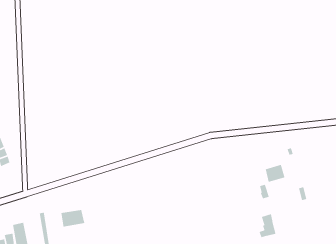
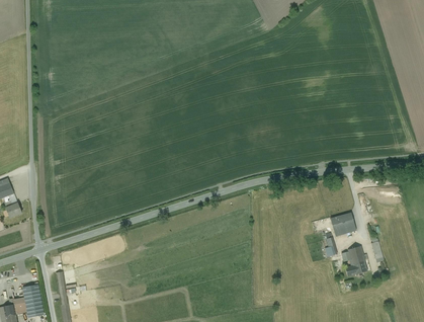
building: [60,209,85,227] -> none
building: [258,213,277,238] -> [344,246,366,276]

